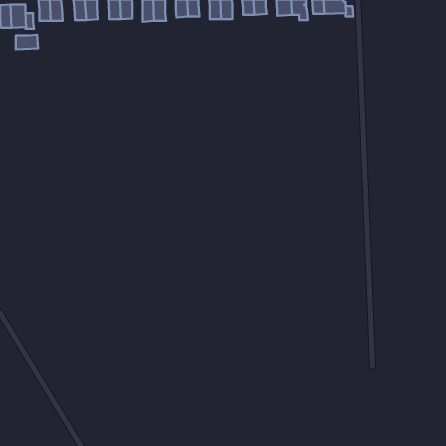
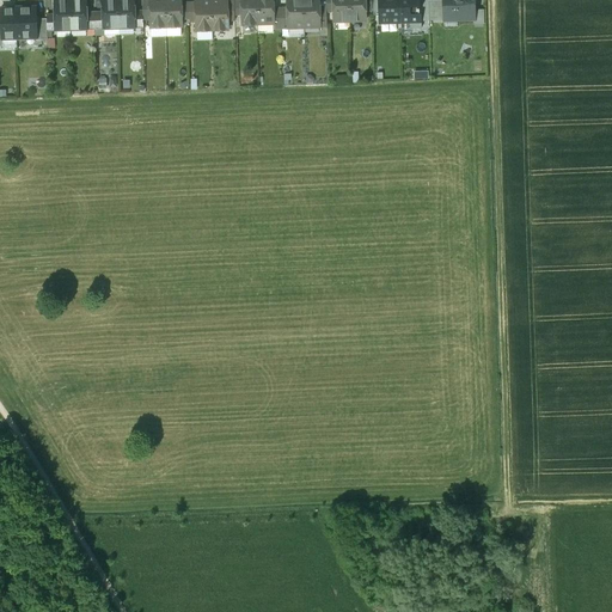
building: [16,35,38,49] -> none

